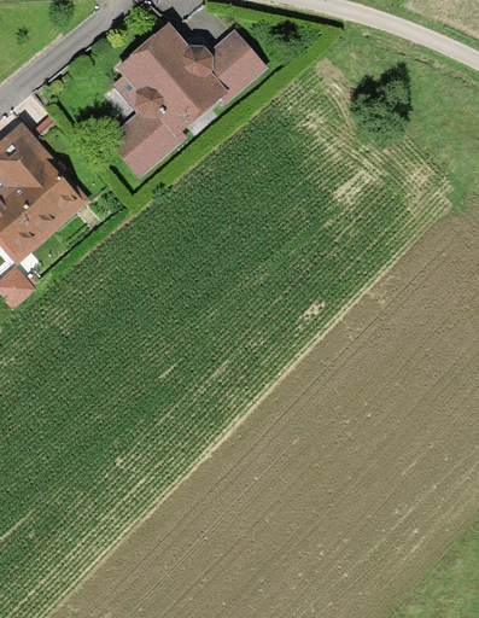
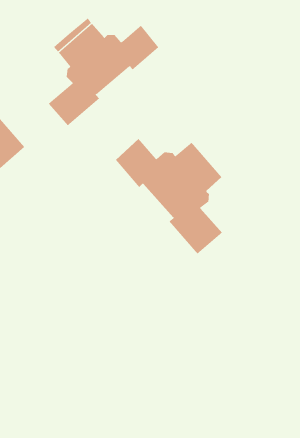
building: none -> [115,138,223,254]

